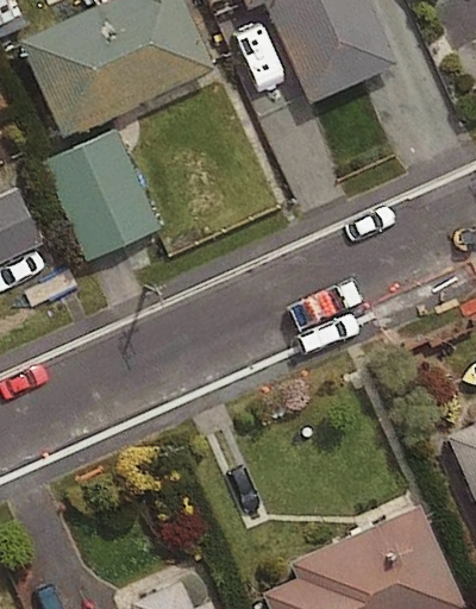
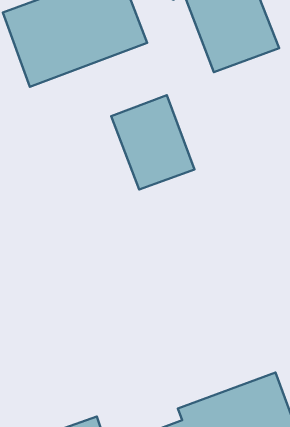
building: [43,130,161,260] -> [111,95,195,190]

